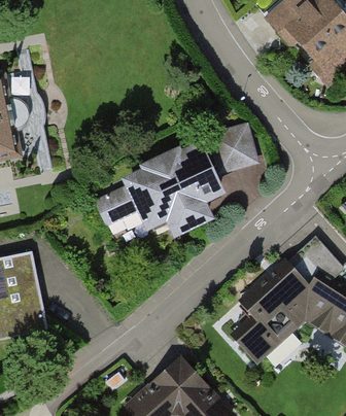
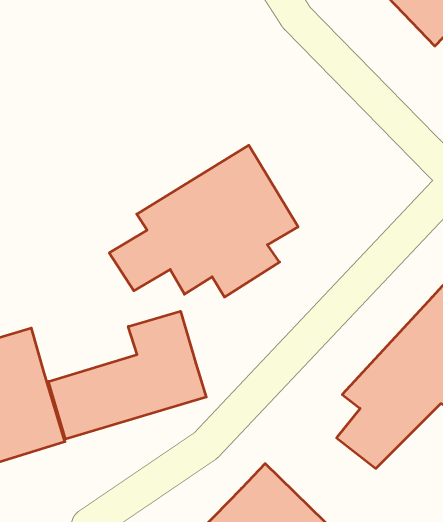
building: [209,122,260,175] -> none
building: none -> [49,311,206,439]

